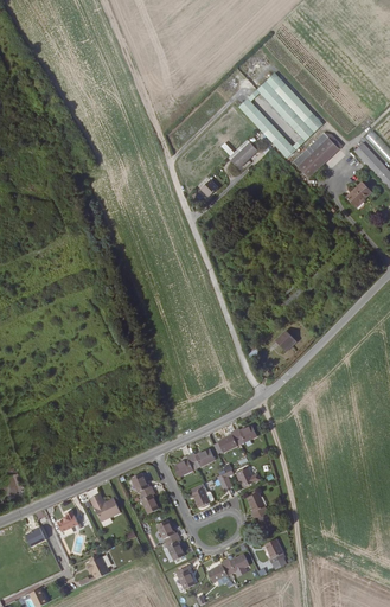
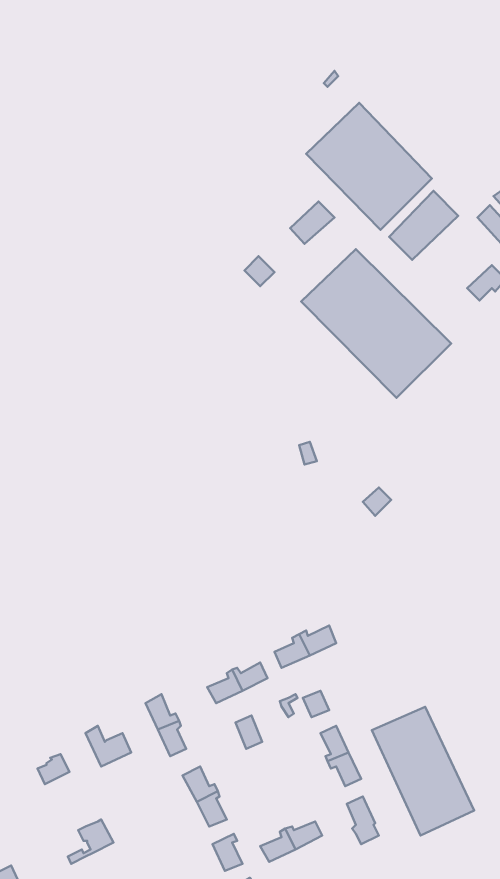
building: none -> [301,249,451,398]
building: none -> [372,707,474,835]

